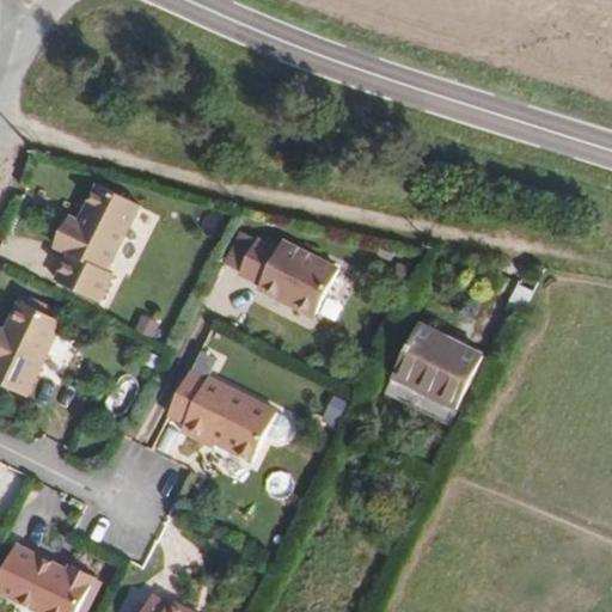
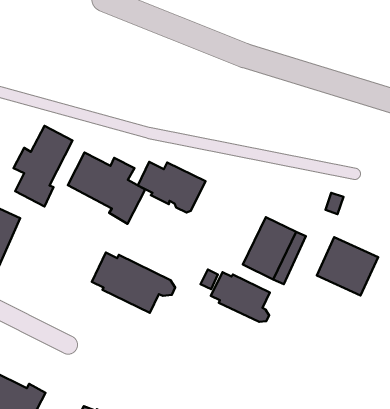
building: none -> [68,153,145,224]
building: none -> [317,237,378,296]
building: none -> [211,272,270,322]

